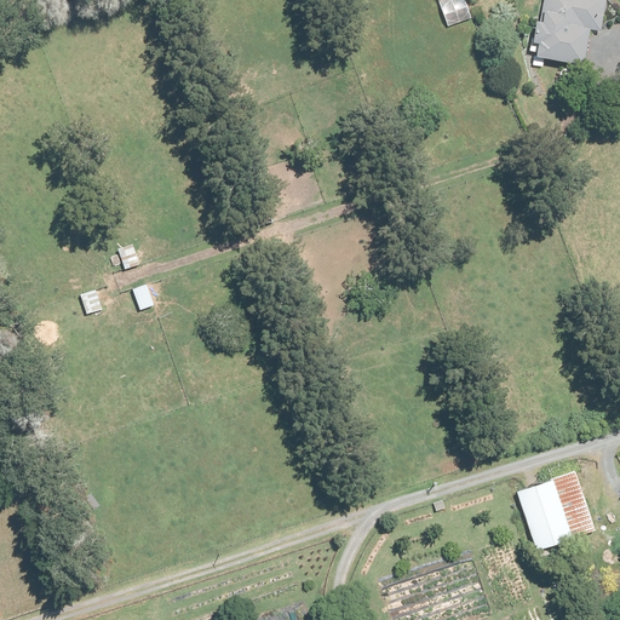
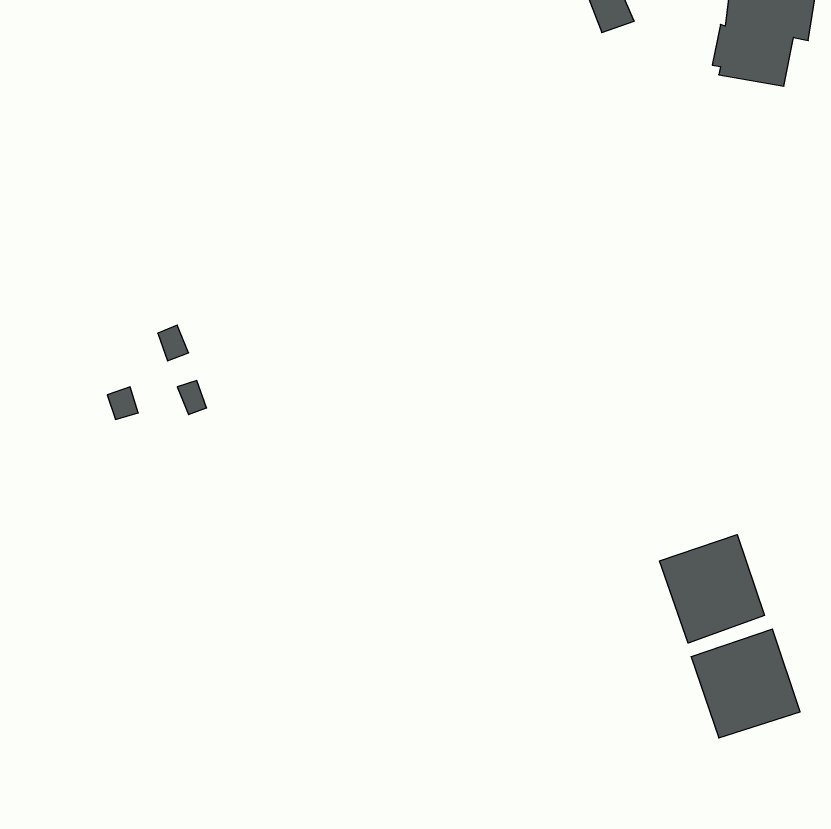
building: none -> [660,535,765,643]

